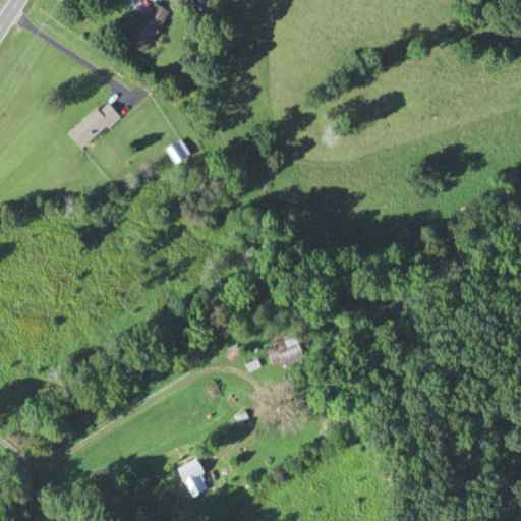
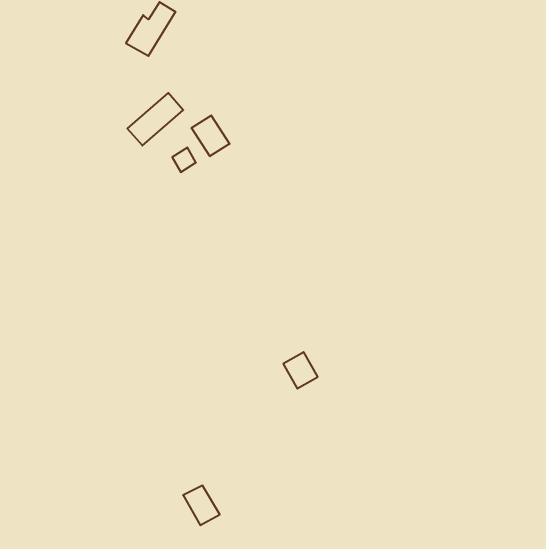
building: [67,100,120,150] -> [127,93,183,146]
building: none -> [192,115,230,156]

